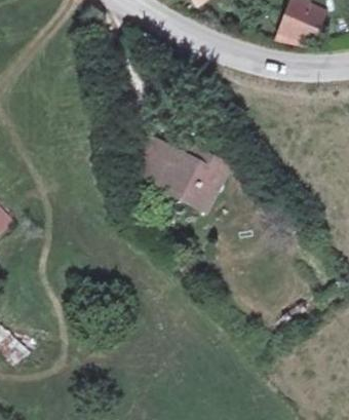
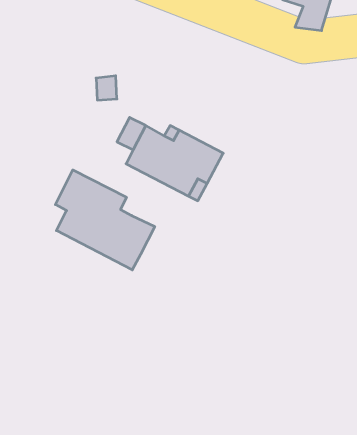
building: none -> [55,170,155,270]

